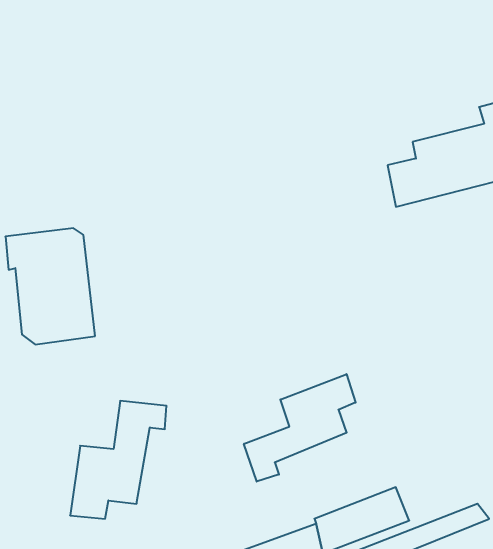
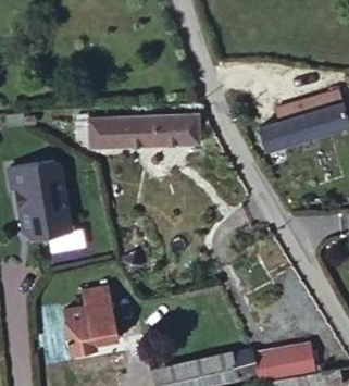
building: none -> [98,110,220,146]
building: [244,374,356,482] -> none

